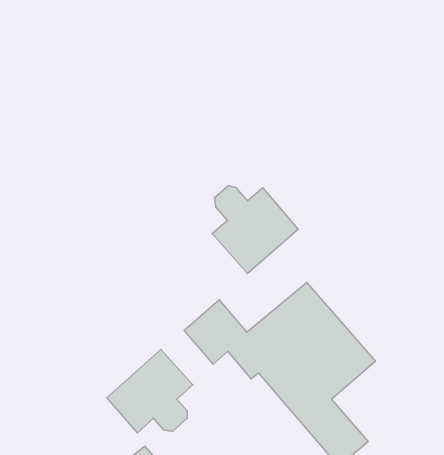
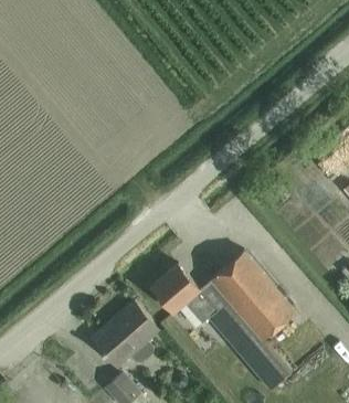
building: [212,186,298,273] -> none

